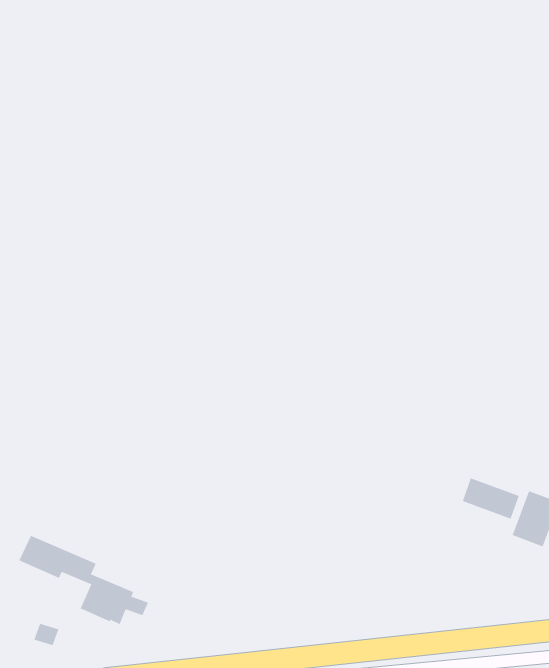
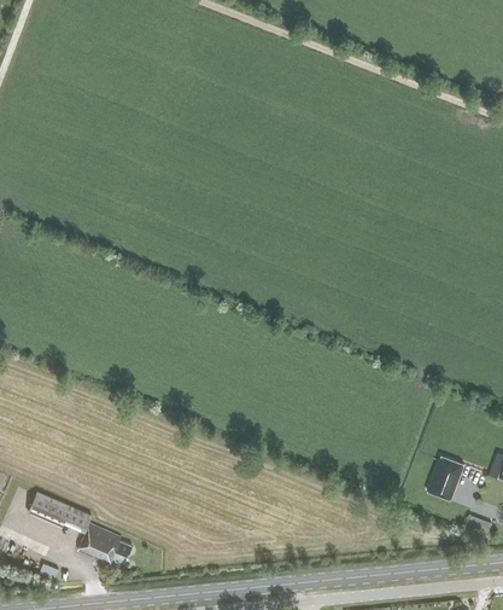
building: [462,477,519,520] -> none

